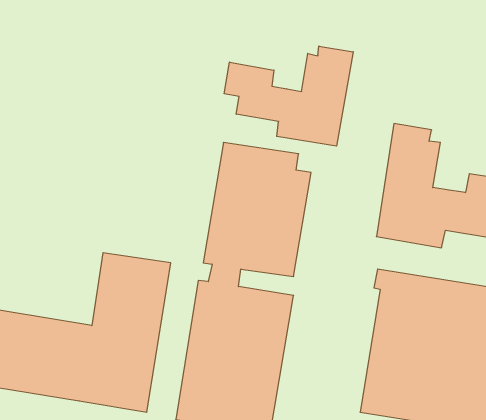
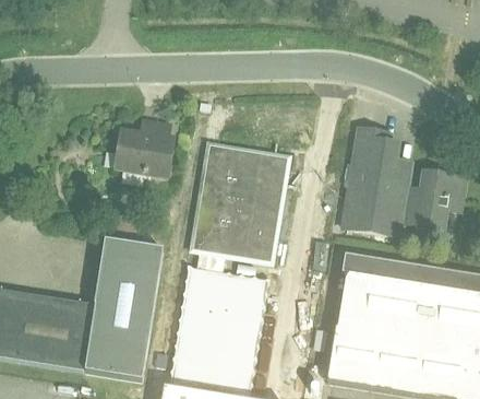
building: [224,46,353,146] -> none
building: none -> [116,120,173,176]

